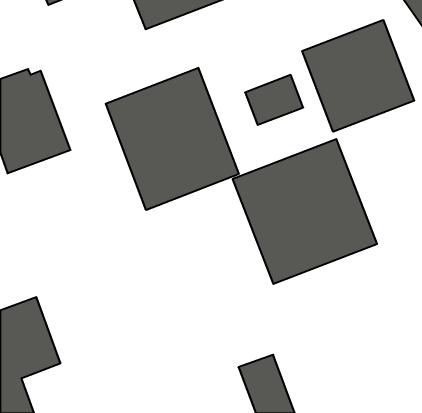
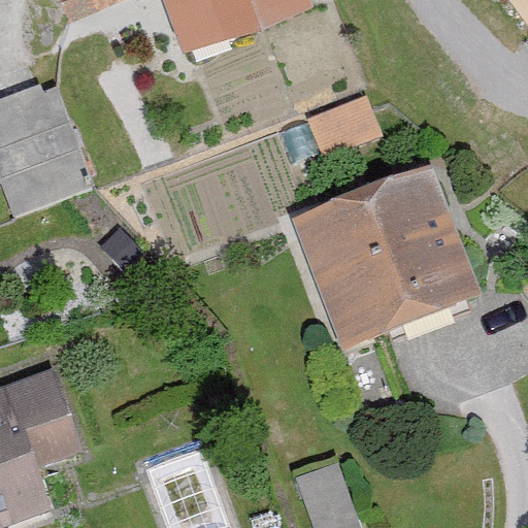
building: [302,20,414,132] -> none
building: [106,68,239,210] -> none

